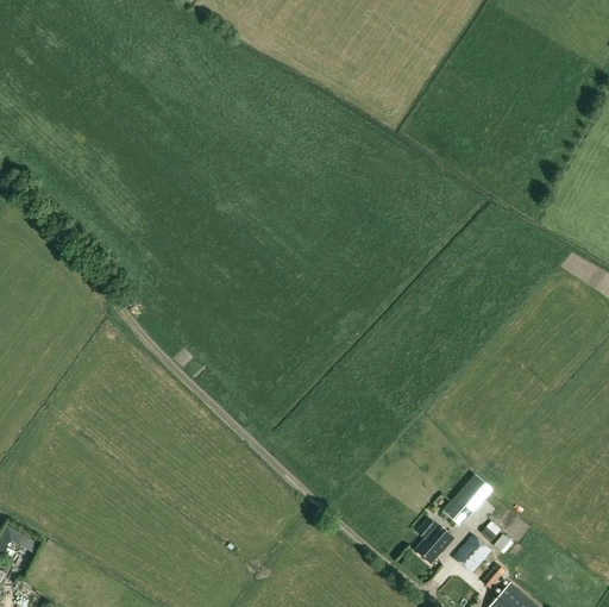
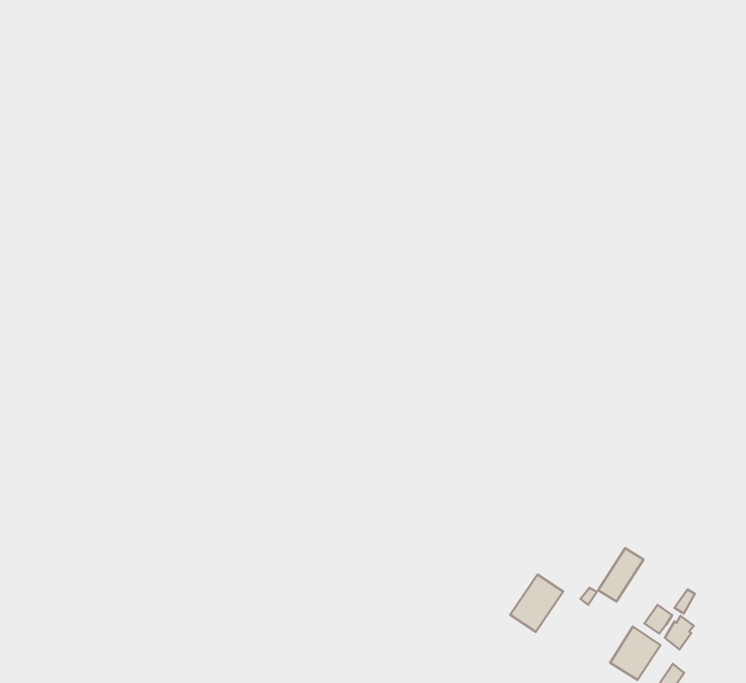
building: [414,524,453,564] -> [510,574,563,632]

